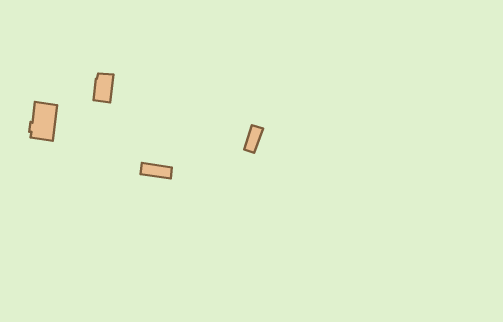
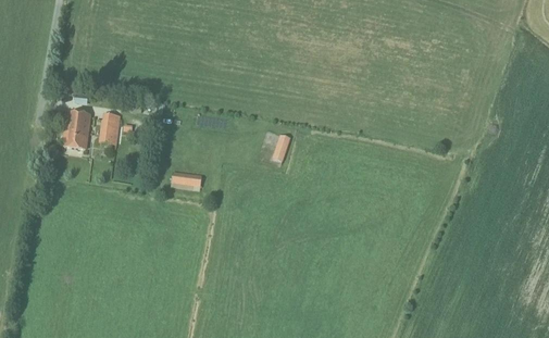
building: [94,73,114,102] -> [100,113,120,141]

